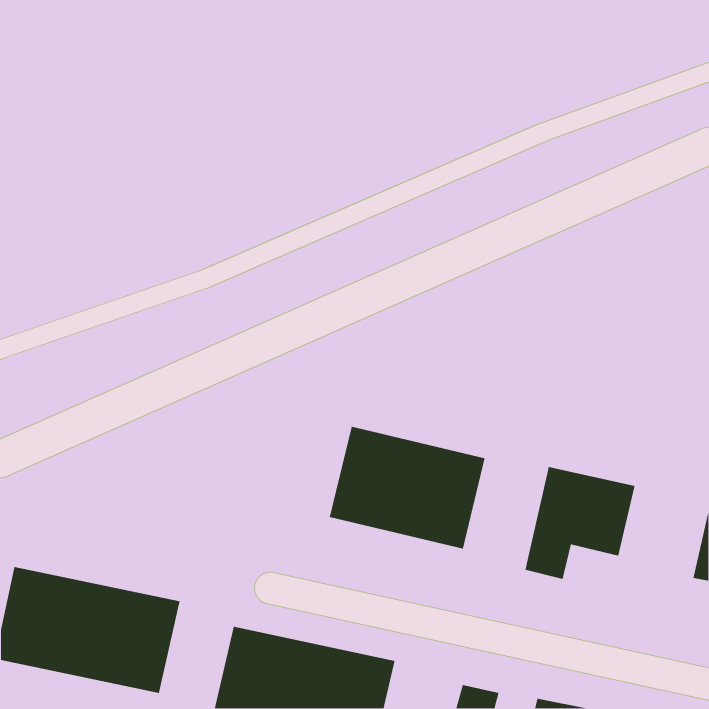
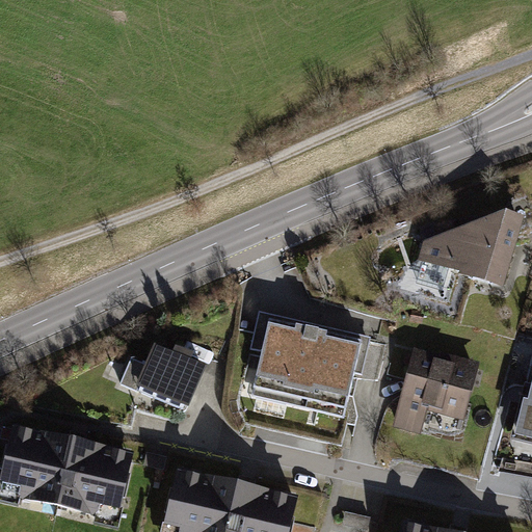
building: none -> [415,210,524,287]
building: none -> [134,340,202,403]

